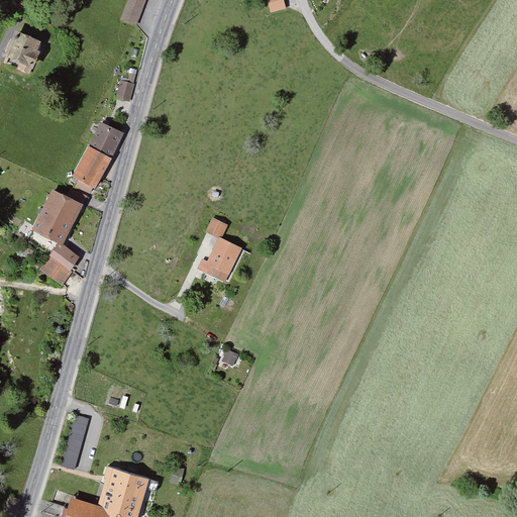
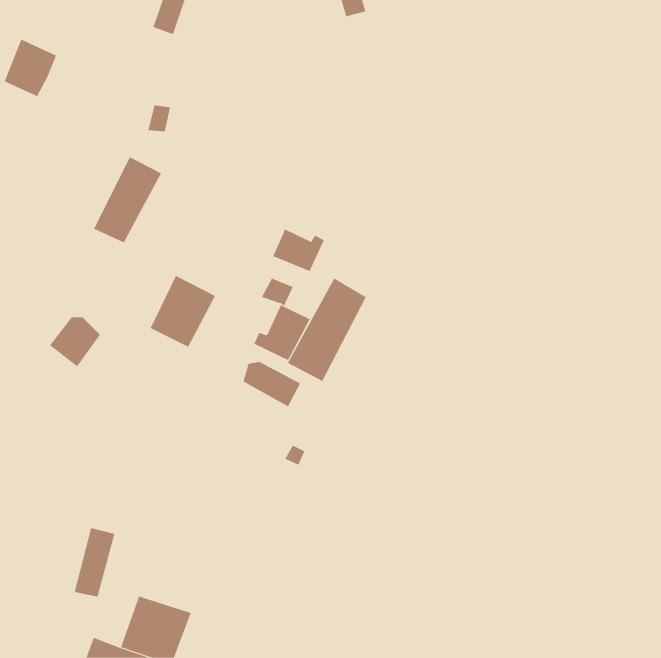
building: none -> [273,228,325,272]
building: [32,190,84,246] -> [150,275,216,348]
building: none -> [287,277,366,382]
building: none -> [243,361,301,407]

